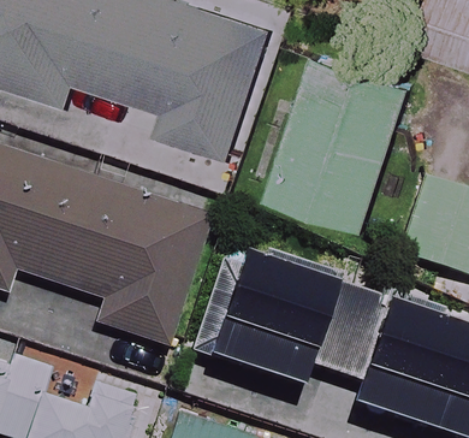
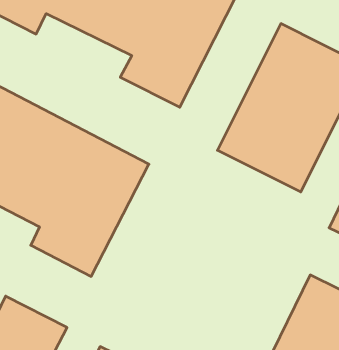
building: [210,259,334,389] -> none

